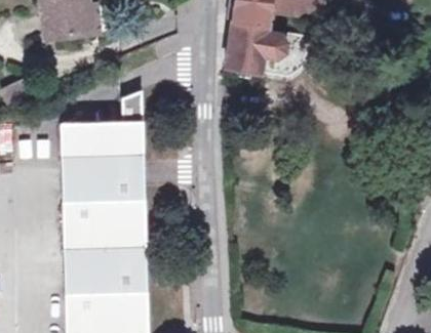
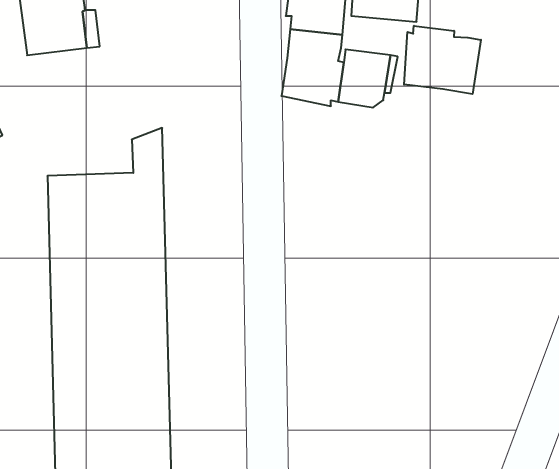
building: none -> [404,26,481,94]

